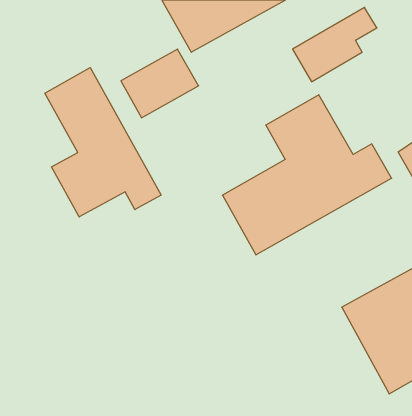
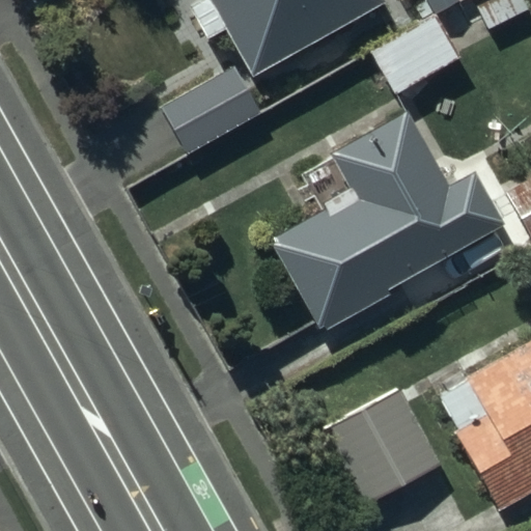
building: [45,68,161,217] -> none
building: none -> [324,389,432,498]

